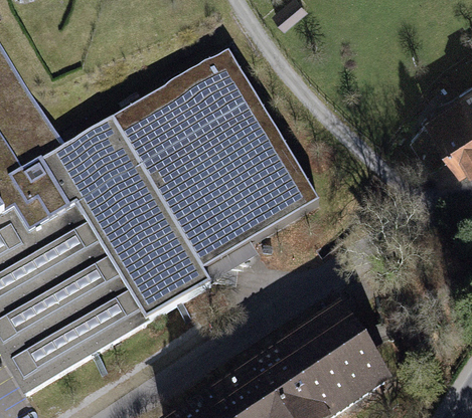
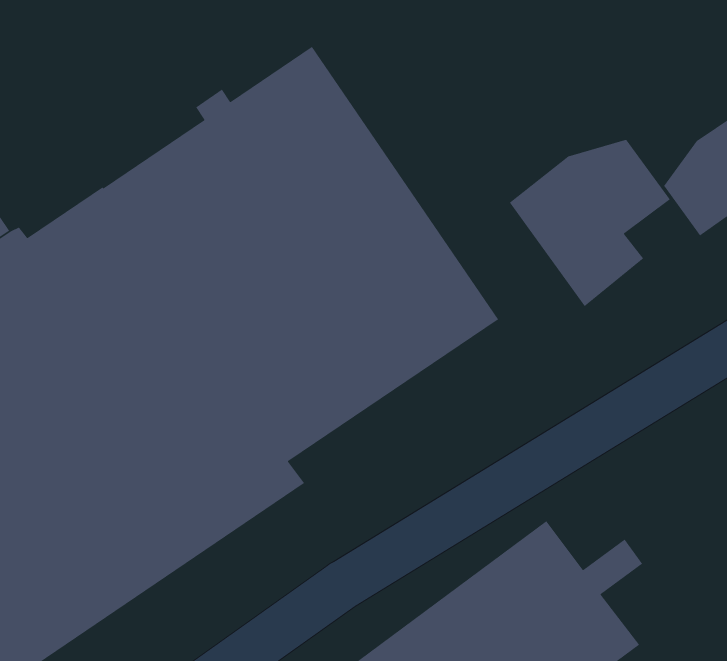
building: none -> [509,139,671,307]

